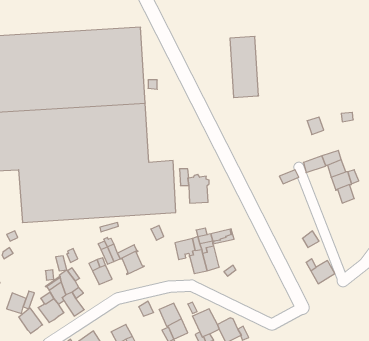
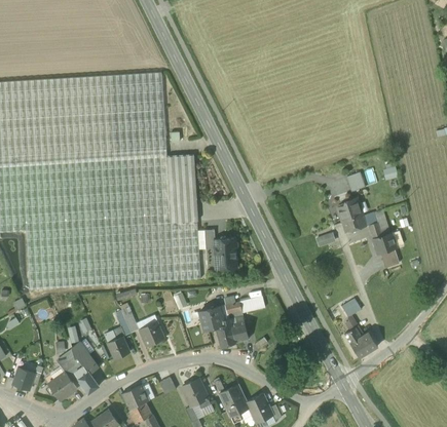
building: [230,36,259,98] -> [166,155,198,223]
building: none -> [337,198,363,223]
building: [19,308,43,334] -> none
building: none -> [120,385,148,411]

